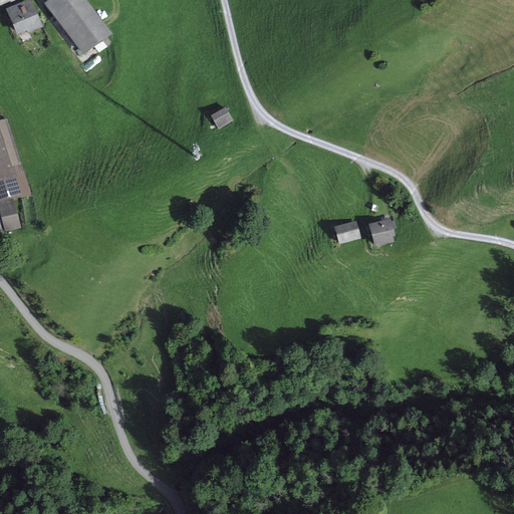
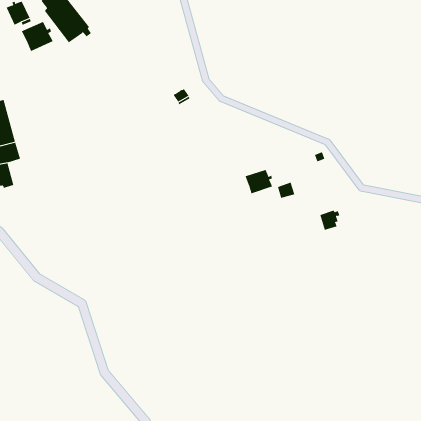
building: none -> [21,21,53,52]
building: none -> [245,169,273,194]
building: [369,219,395,244] -> [319,210,340,231]

